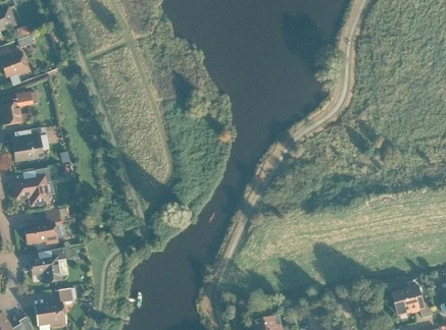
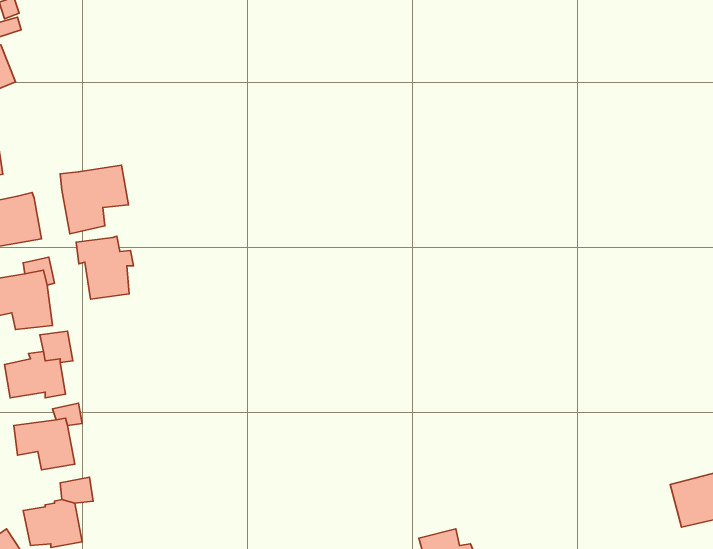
building: none -> [60,165,128,234]
building: none -> [76,236,133,299]

